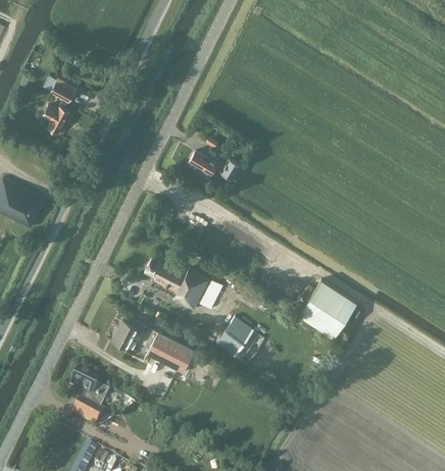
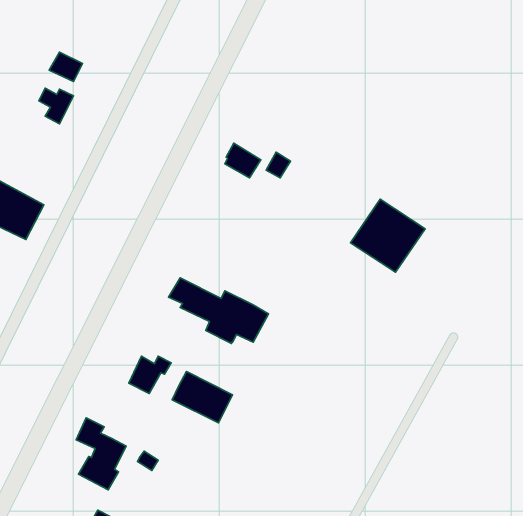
building: [297,278,356,336] -> [351,199,425,272]
building: [214,316,264,364] -> none

